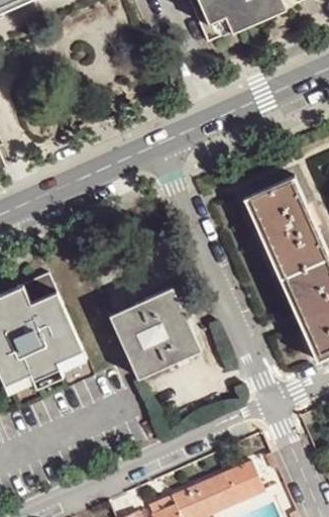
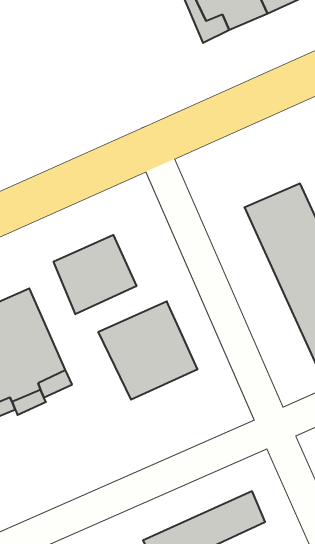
building: none -> [54,235,136,314]

